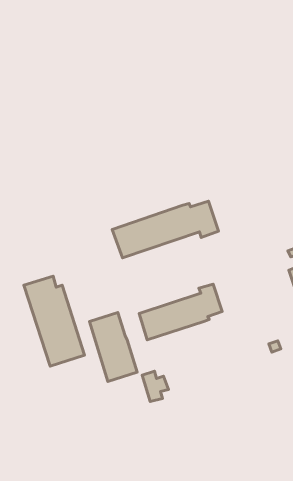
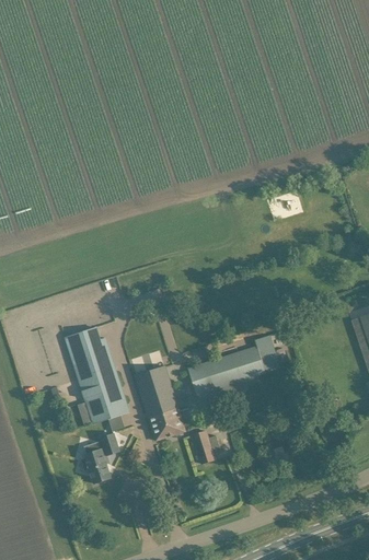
building: [112,201,218,258] -> none
building: none -> [81,432,119,481]

